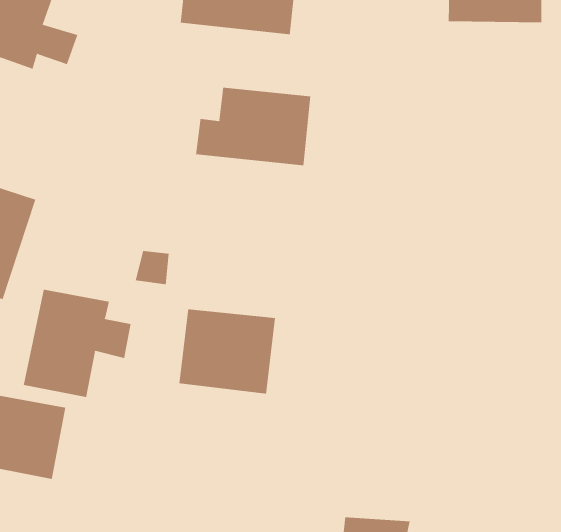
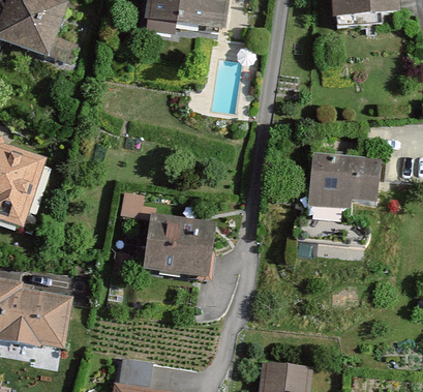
building: [196,87,311,166] -> none
building: none -> [308,160,376,215]
building: [23,289,131,398] -> none

